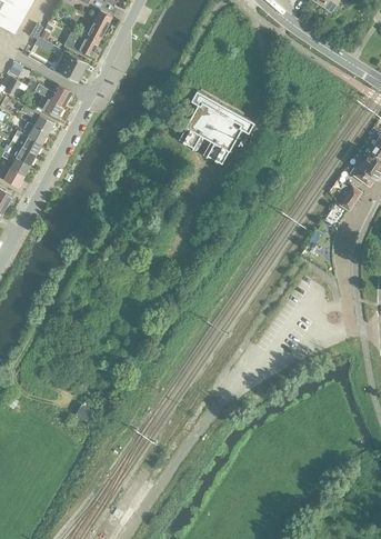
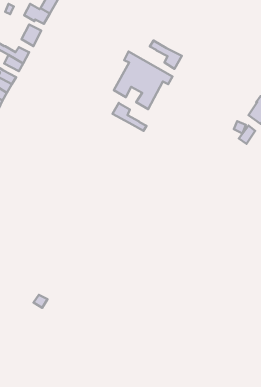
building: none -> [150,41,182,69]
building: none -> [113,103,146,131]

